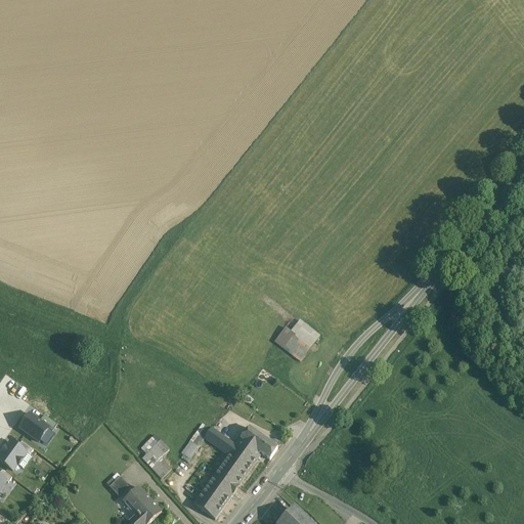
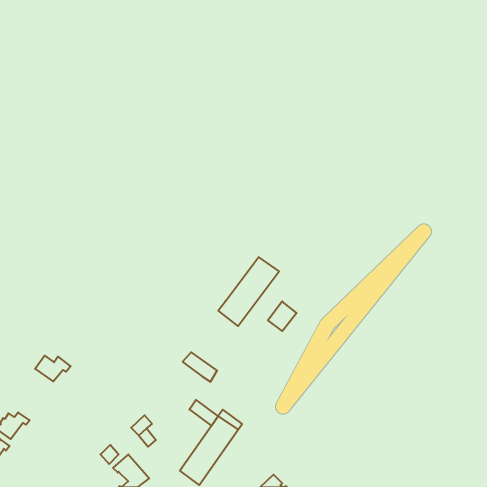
building: none -> [218,257,279,326]
building: [17,413,55,441] -> [35,356,71,381]
building: [238,428,275,460] -> [183,352,217,382]

